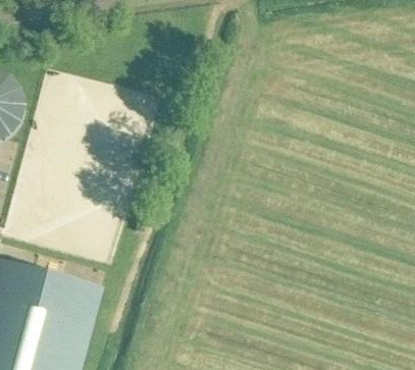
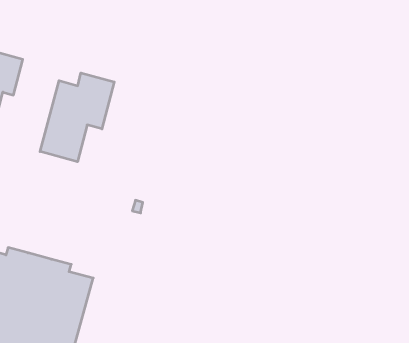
building: none -> [40,73,114,162]

